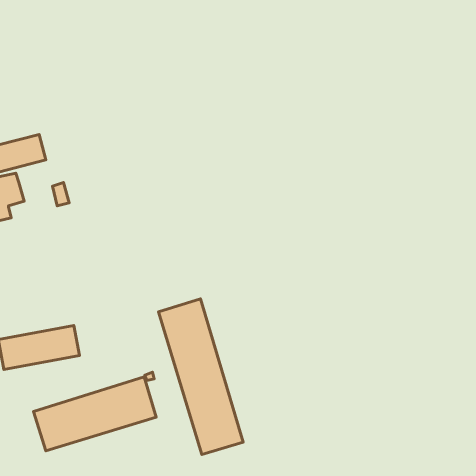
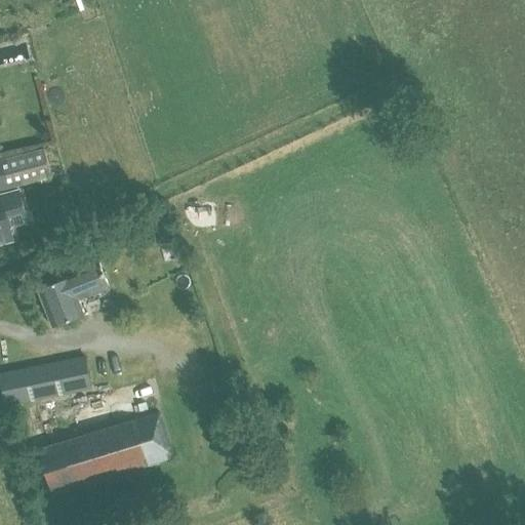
building: none -> [37,262,110,326]
building: [158,299,243,455] -> none

